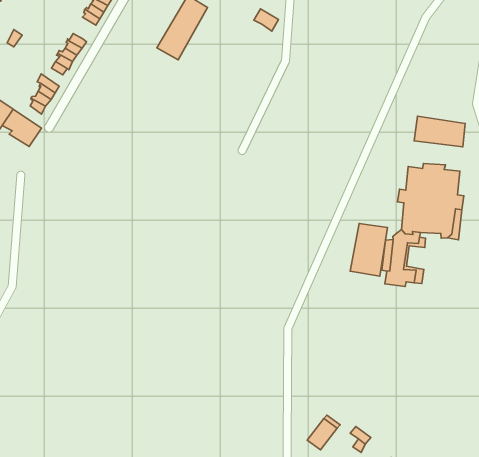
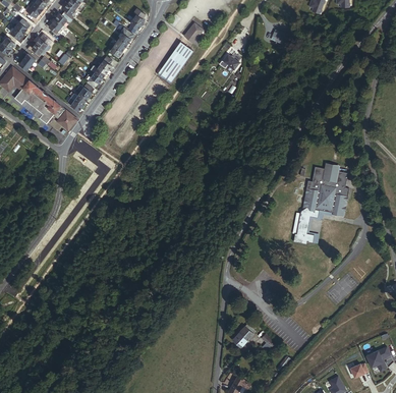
building: [414,116,465,147] -> none
building: [350,224,387,276] -> none

